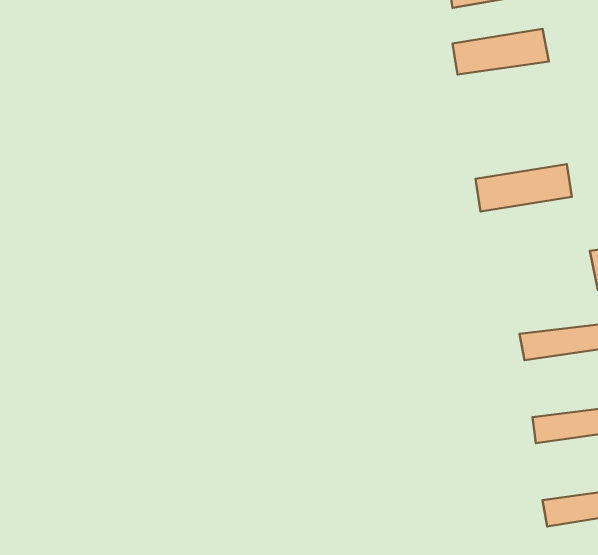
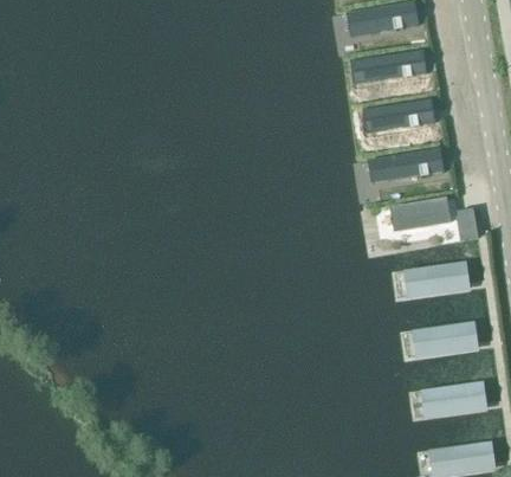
building: none -> [368,99,434,133]
building: none -> [394,199,449,232]

